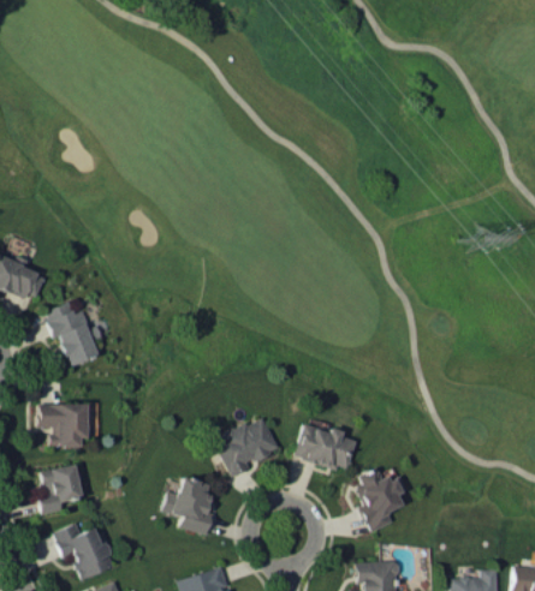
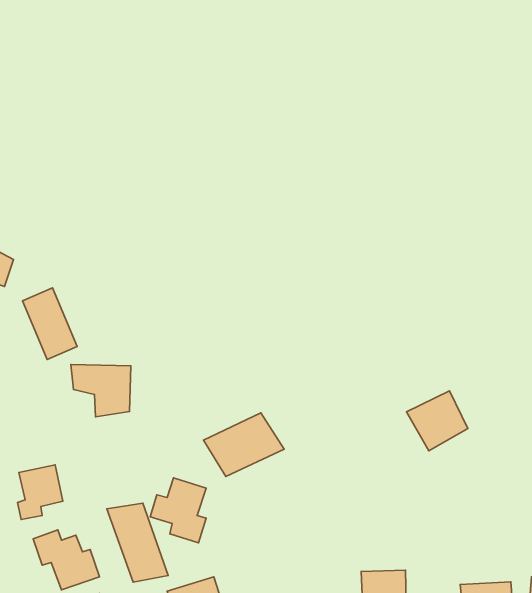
building: [35,402,90,450] -> [71,365,131,417]
building: [298,423,355,467] -> none
building: [358,466,415,521] -> [407,391,468,451]
building: none -> [107,503,168,582]

